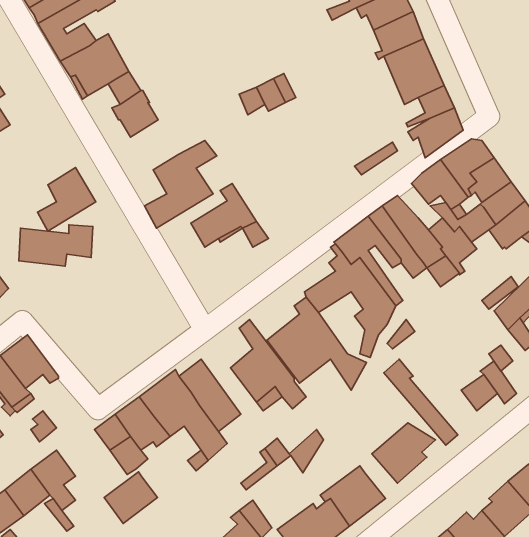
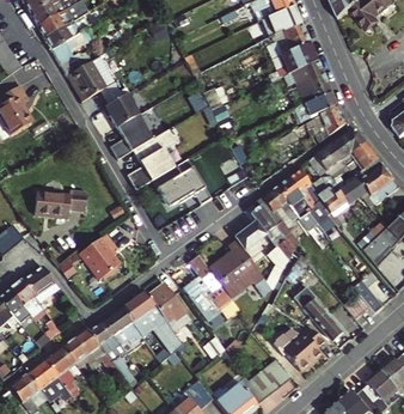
building: [37,168,96,231] -> [108,115,148,159]
building: none -> [81,232,122,278]
building: [104,472,157,523] -> [63,327,100,363]

